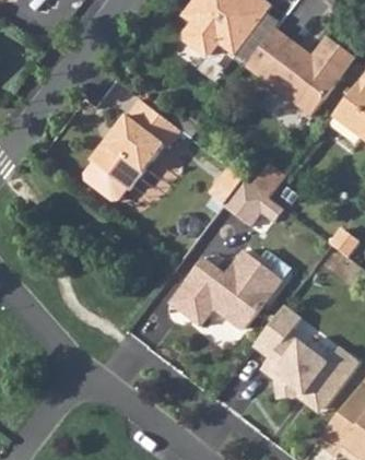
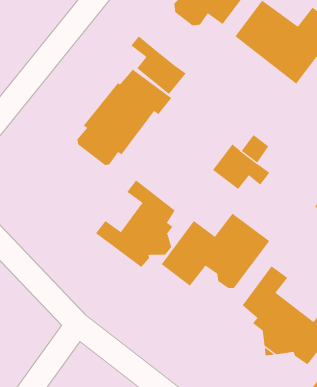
building: none -> [130,36,186,95]
building: none -> [95,180,176,268]

